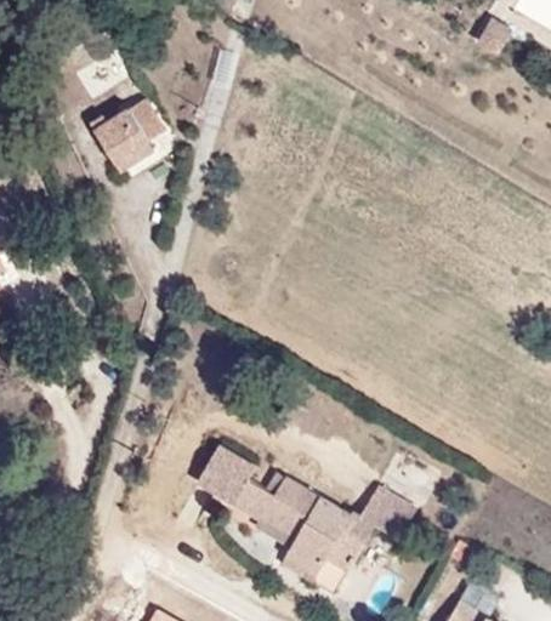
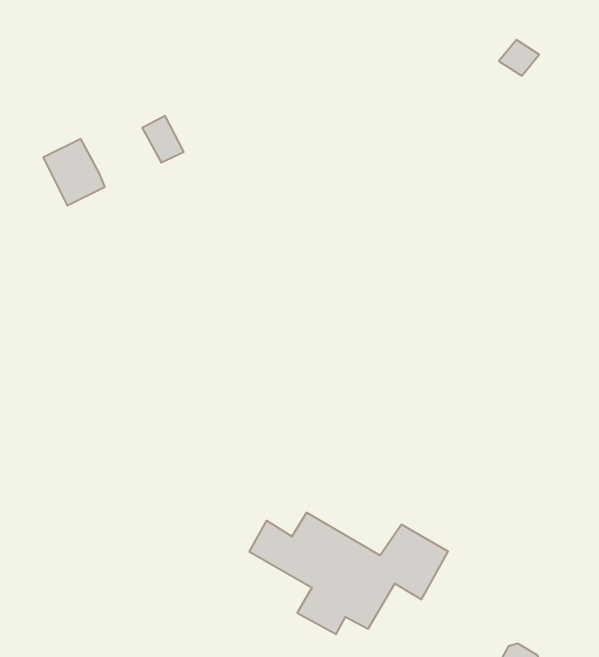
building: [100,119,155,180] -> [43,139,105,206]
building: [193,444,252,503] -> none

